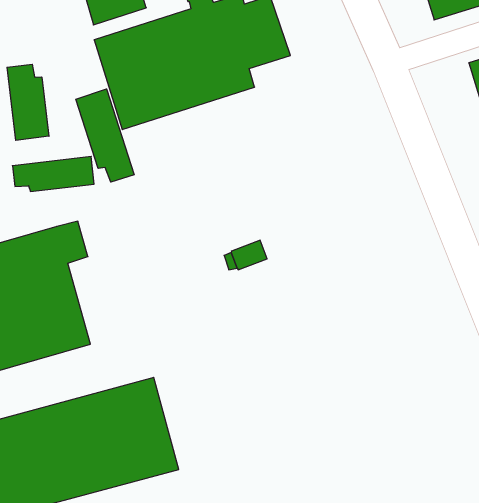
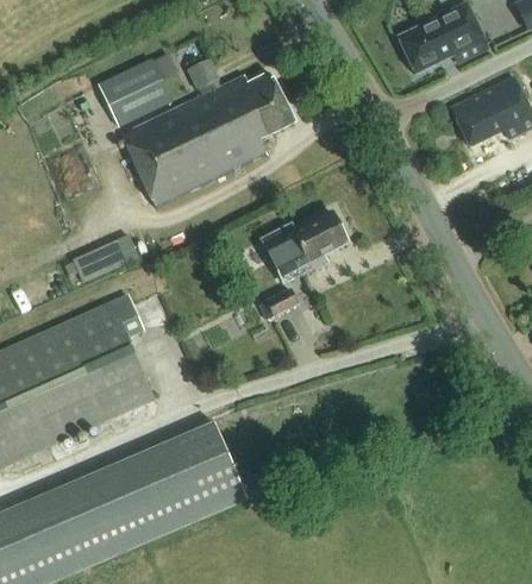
building: [7,64,49,140] -> none
building: [76,89,134,182] -> none
building: none -> [261,212,349,283]

